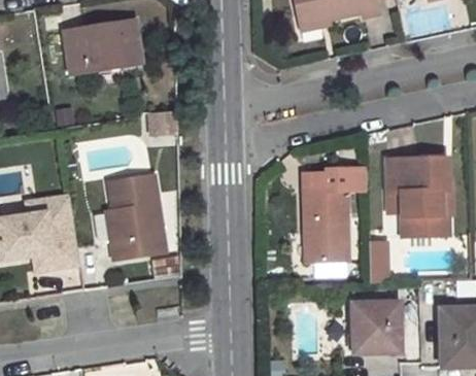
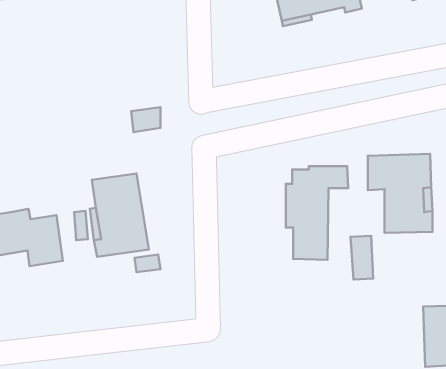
building: [64,19,141,72] -> none
building: [28,195,75,221] -> none
building: [350,302,399,352] -> none

